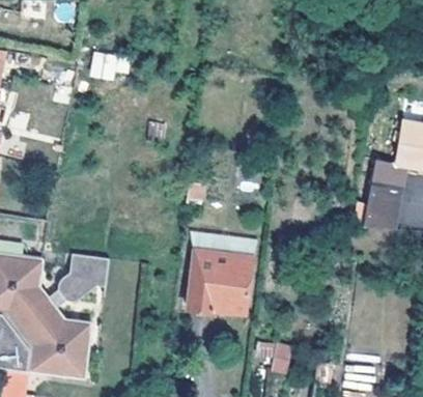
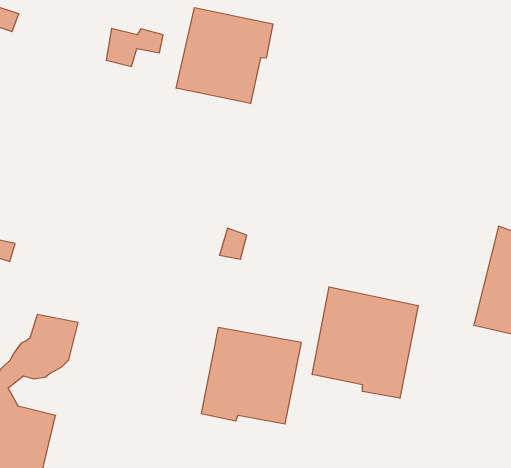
building: none -> [176,8,273,104]
building: none -> [312,287,418,398]

